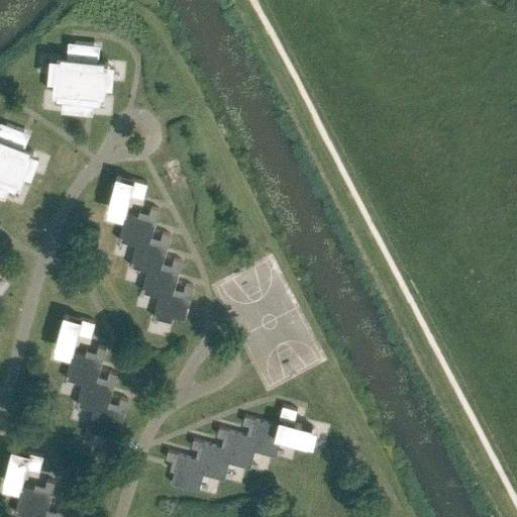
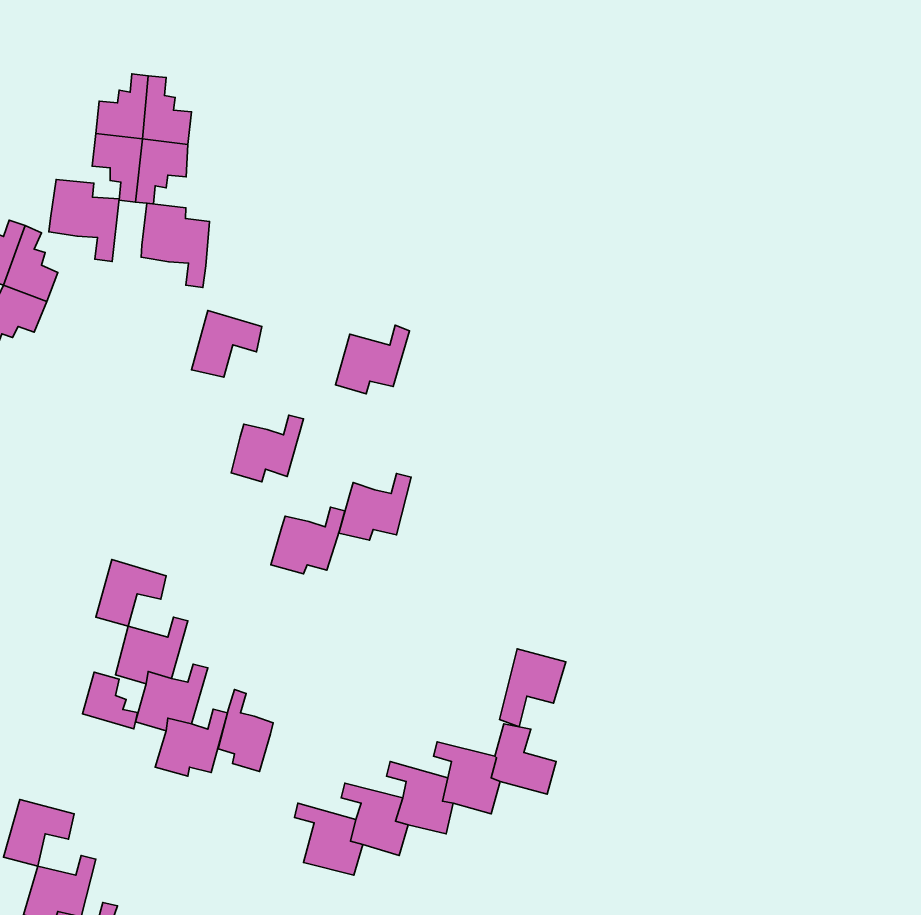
building: none -> [49,179,119,262]
building: none -> [141,203,209,287]
building: [117,210,159,248] -> [336,325,410,394]
building: [140,262,181,299] -> [339,473,411,540]
building: none -> [499,649,566,727]
building: none -> [82,672,138,729]
building: none -> [218,689,273,771]

